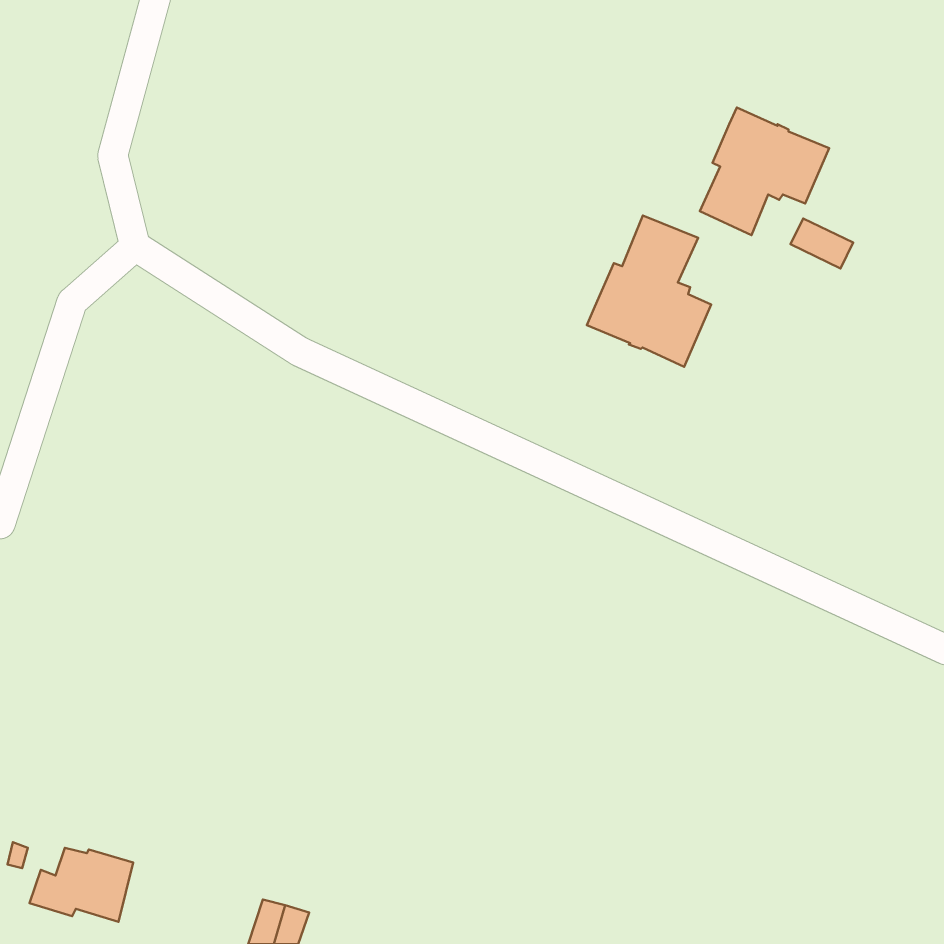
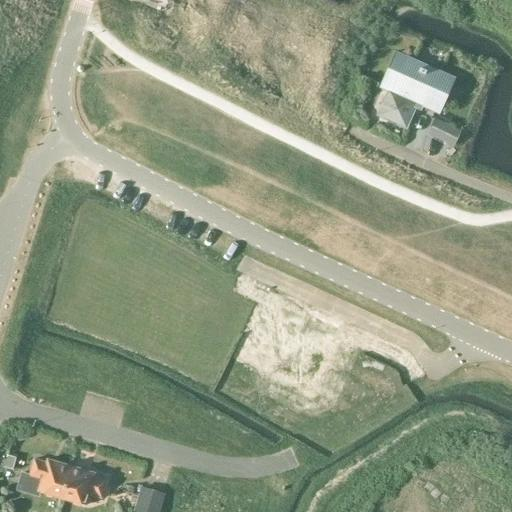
building: [587,216,711,367] -> none
building: none -> [65,466,108,506]

